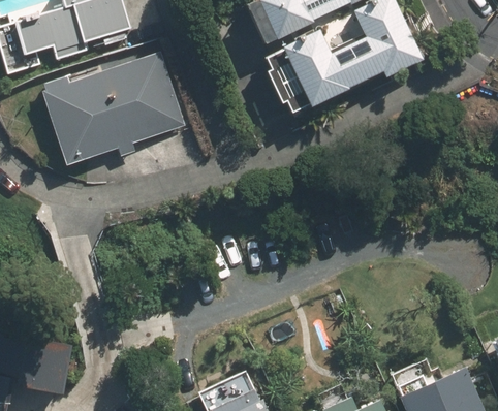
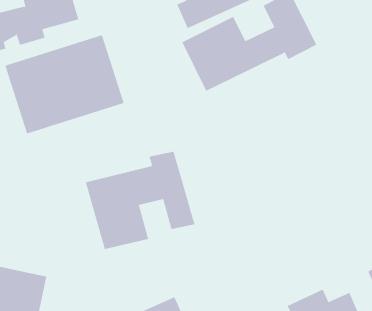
building: none -> [85,151,195,250]

